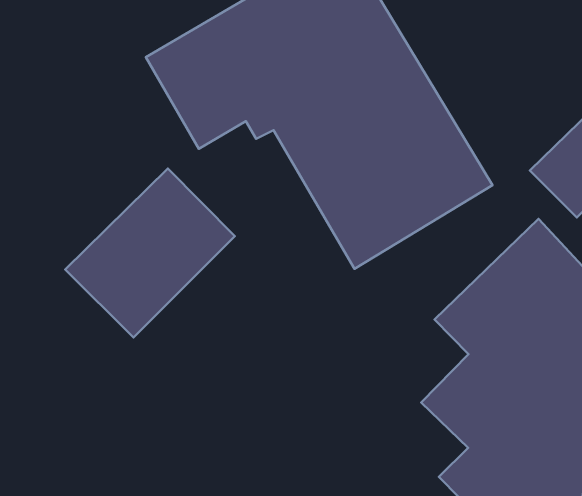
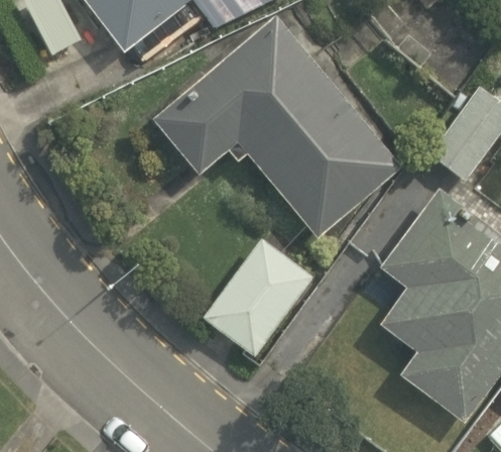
building: [65,168,235,337] -> [202,237,315,357]

